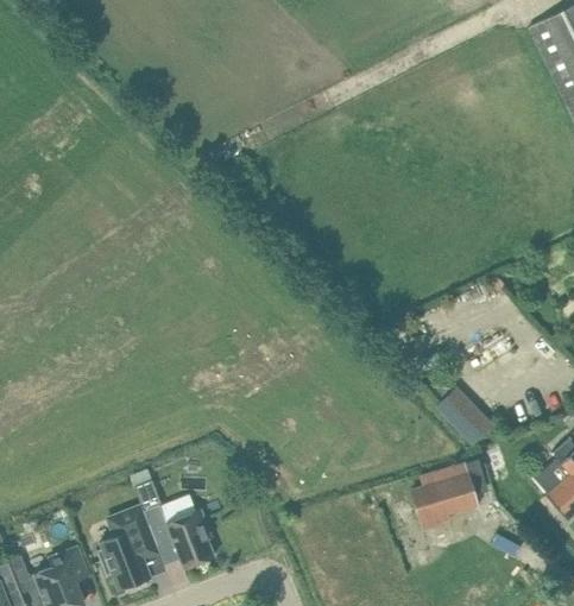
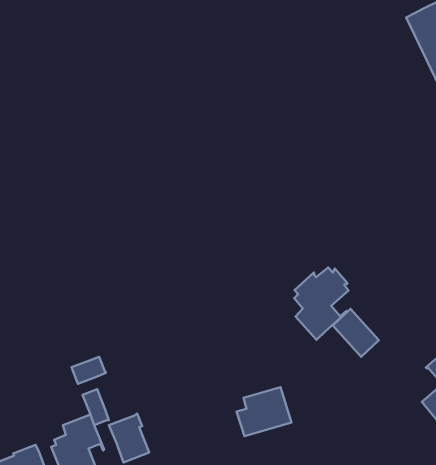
building: none -> [294,268,348,340]
building: none -> [72,357,106,384]
building: [411,462,478,522] -> [237,387,291,436]

